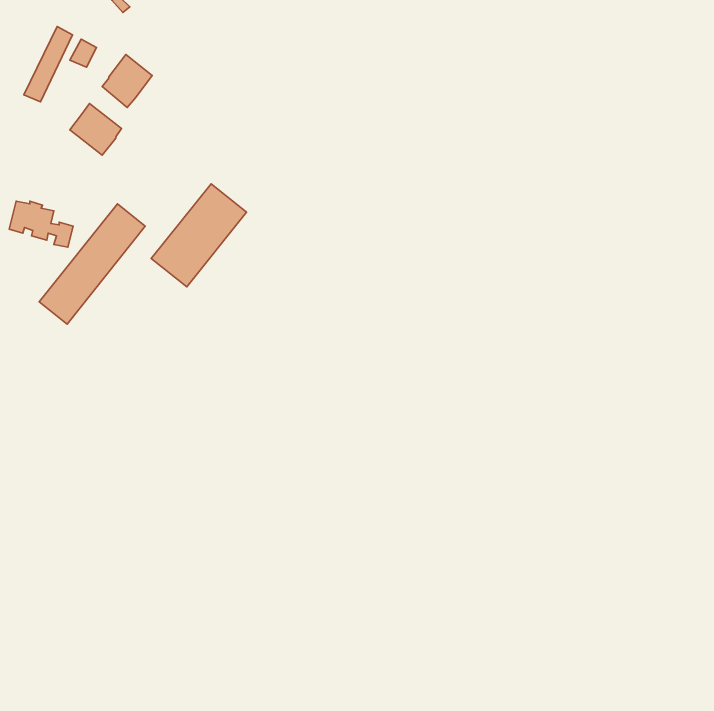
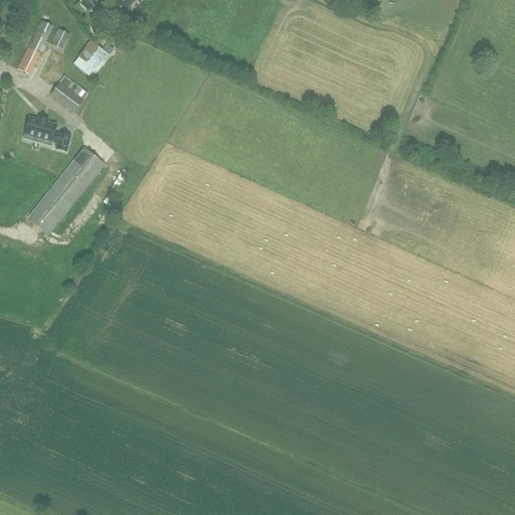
building: [151,184,247,287] -> none
building: [9,201,73,247] -> [24,117,70,150]

